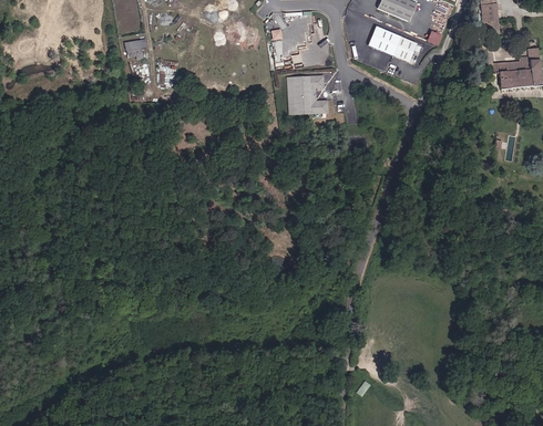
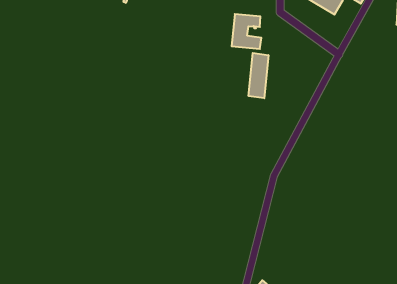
building: none -> [249,53,268,98]

